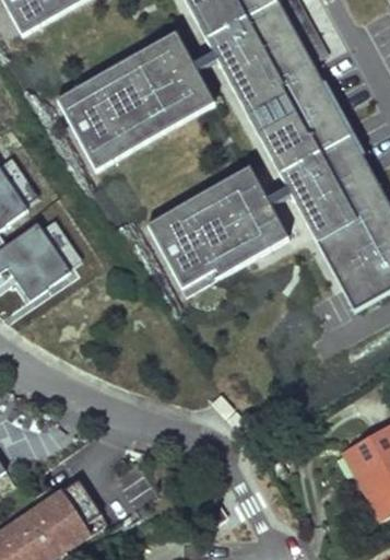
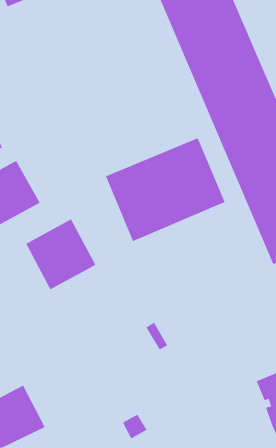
building: [58,34,218,171] -> none
building: none -> [25,219,96,290]

